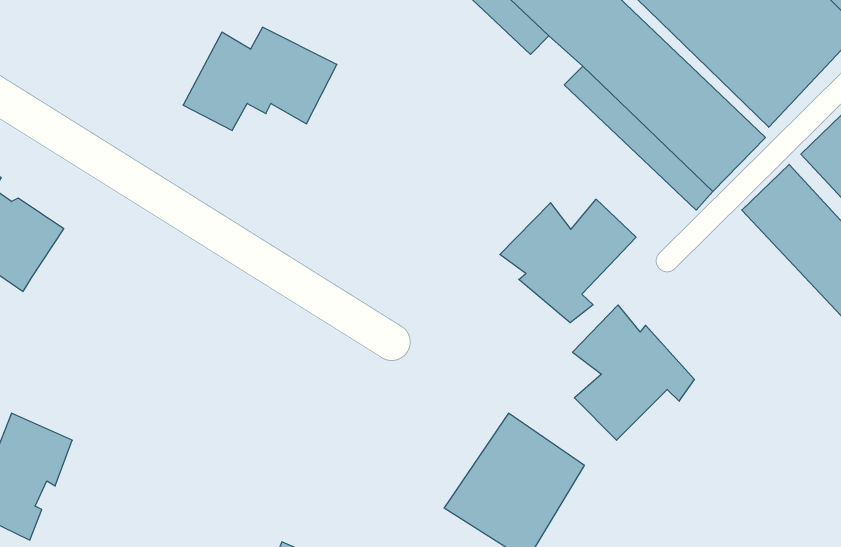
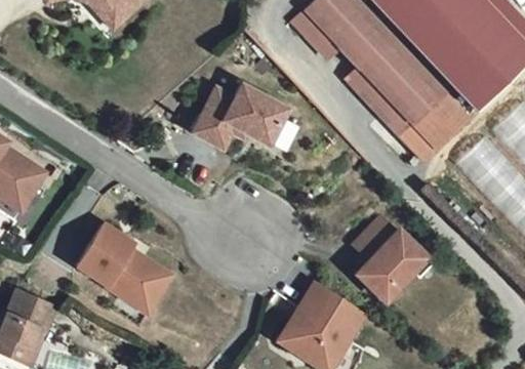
building: [183,27,337,130] -> [195,85,288,148]
building: [500,199,636,323] -> none
building: none -> [80,224,174,314]

